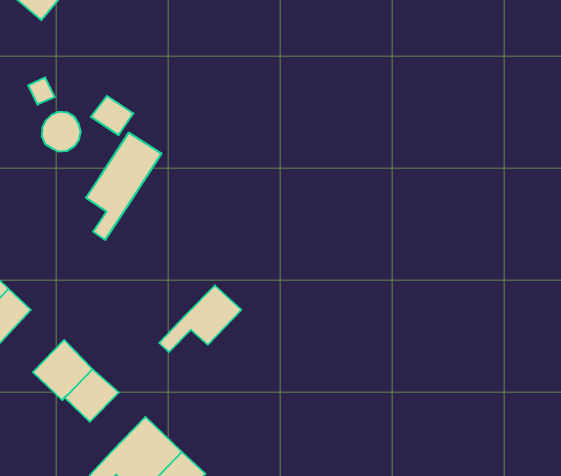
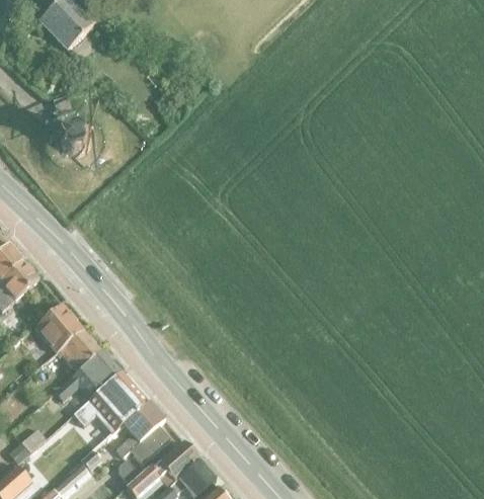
building: [91,96,134,135] -> none
building: [86,133,162,240] -> none
building: [159,285,241,352] -> [53,351,120,401]

